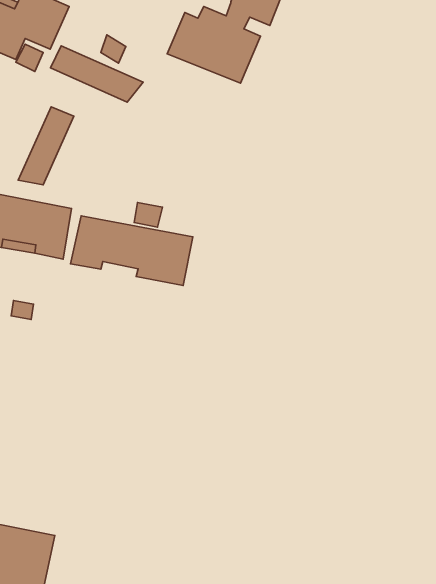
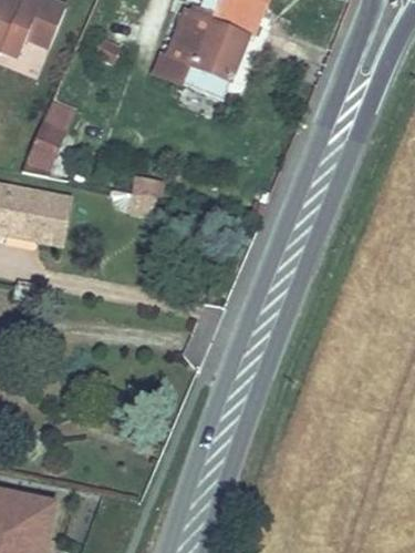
building: [51,46,143,102] -> none
building: [70,216,193,285] -> none

